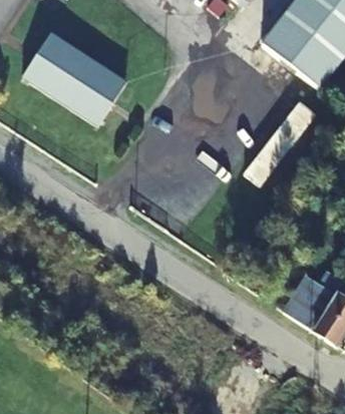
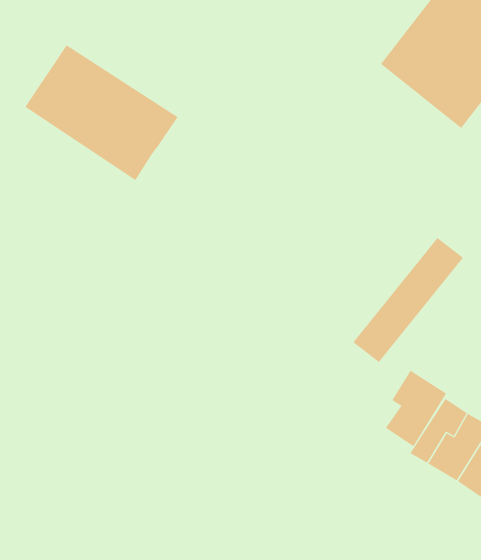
building: [241,100,316,185] -> [353,237,464,363]
building: none -> [385,370,447,447]

